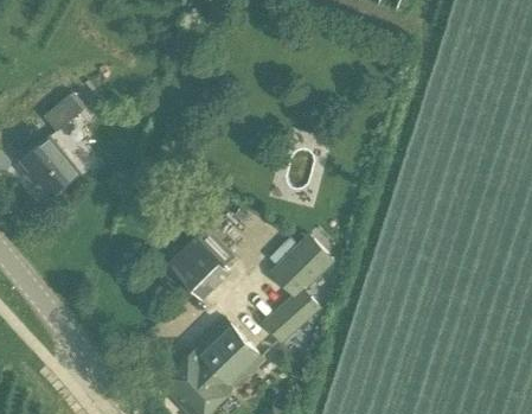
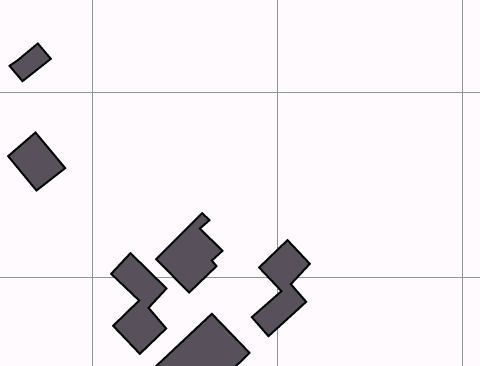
building: [41,95,83,133] -> [9,43,51,81]
building: none -> [111,253,167,354]

